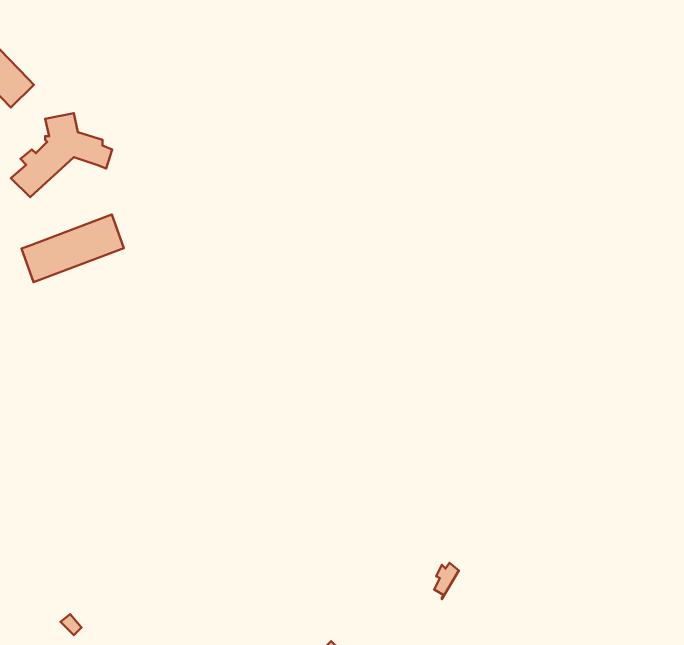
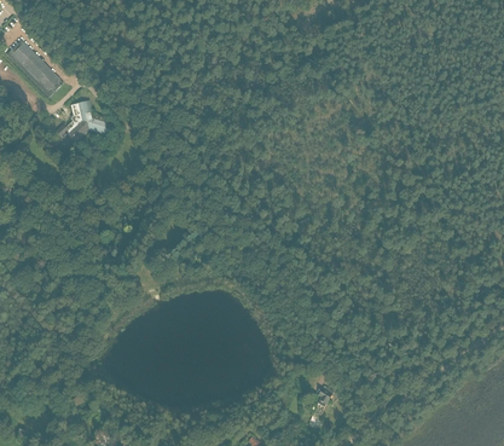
building: [22,215,124,282] -> none

